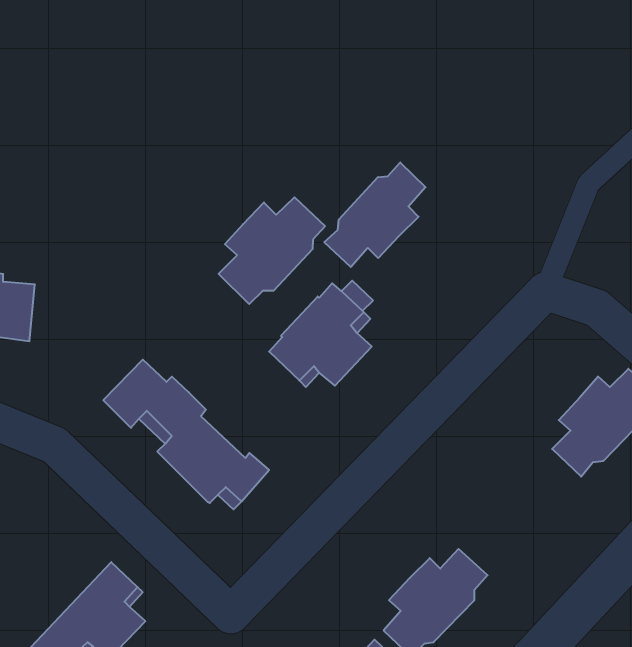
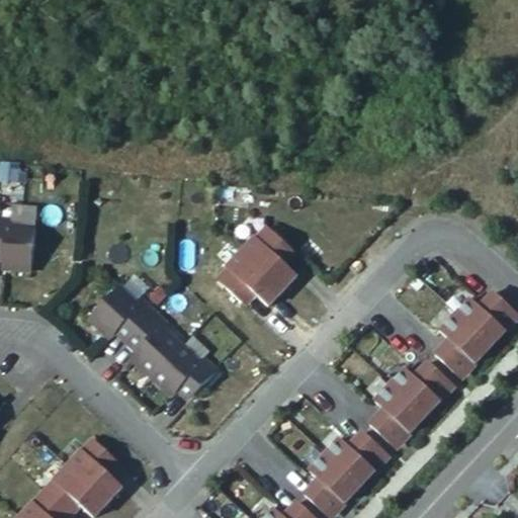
building: [324,162,426,267] -> none
building: [219,197,325,304] -> none
building: none -> [369,361,449,444]

